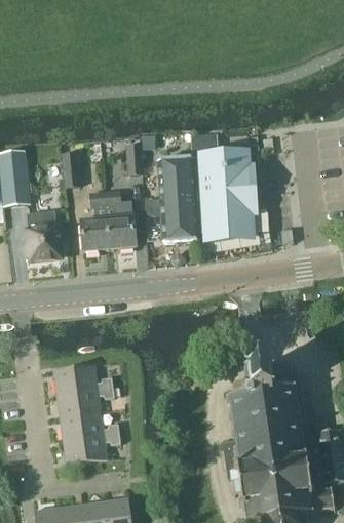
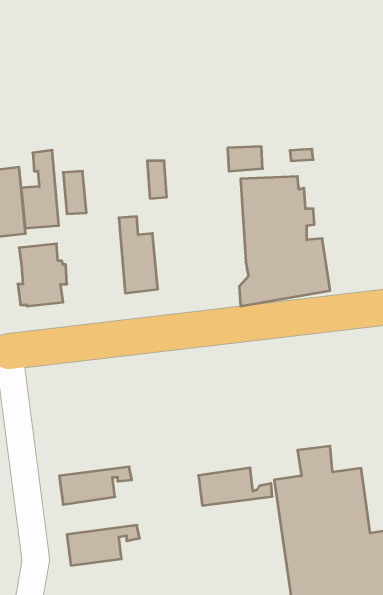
building: [158,156,200,241] -> none
building: [80,190,110,251] -> [21,150,59,228]
building: [54,365,113,394] -> none
building: [61,410,119,440] -> [198,468,272,505]

